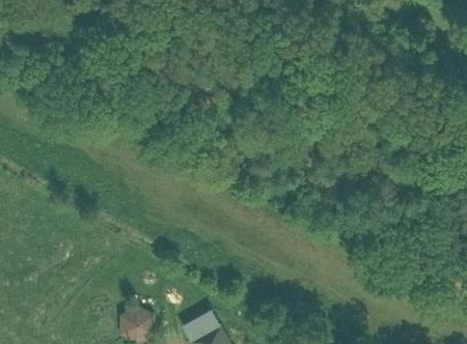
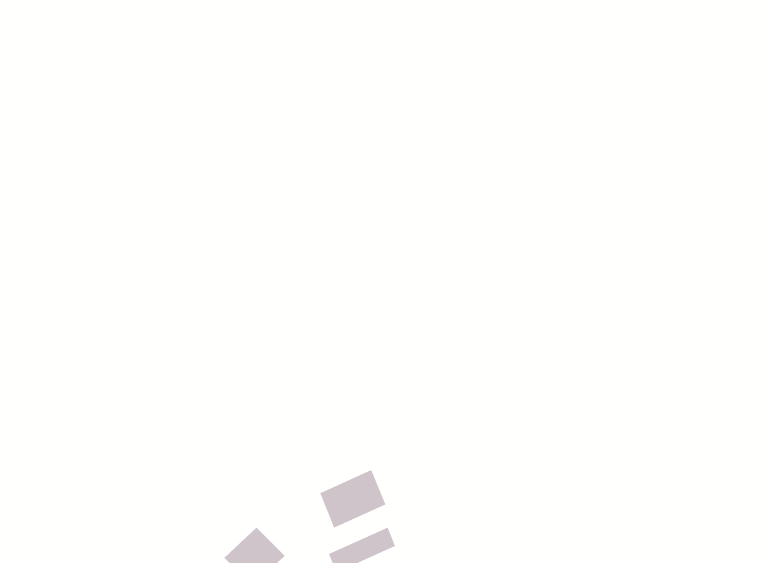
building: none -> [319,469,386,529]

